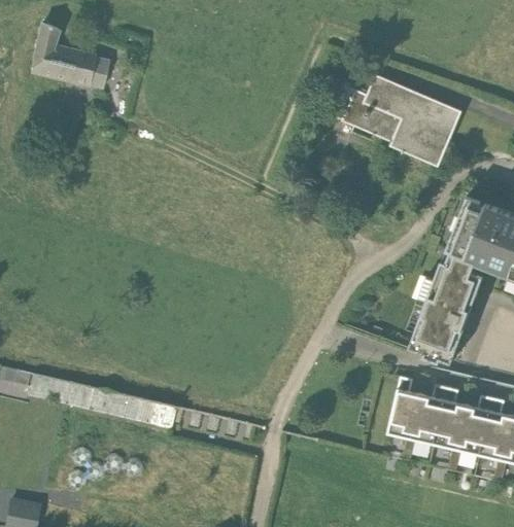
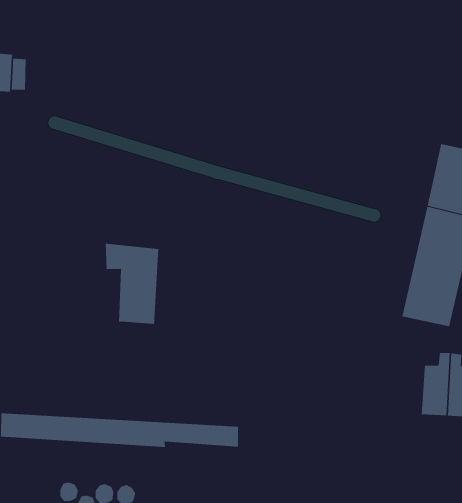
building: [329,75,464,166] -> none
building: none -> [105,243,159,325]
building: [388,375,422,437] -> none

